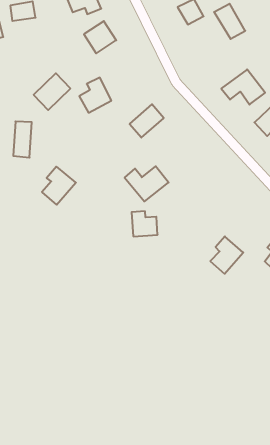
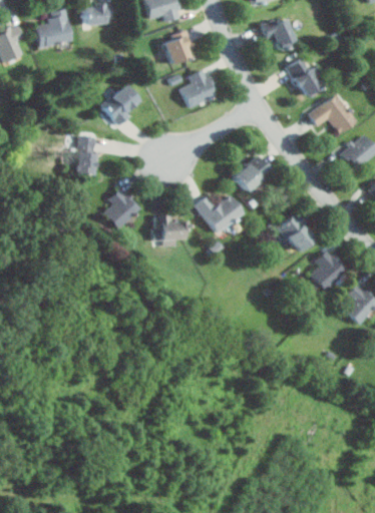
building: [214,4,245,39] -> [287,58,320,97]
building: [79,78,111,113] -> [179,70,215,108]
building: [130,104,164,138] -> [232,155,270,191]
building: none -> [278,211,314,249]
building: [132,211,158,236] -> [154,215,181,242]
building: [210,236,243,274] -> [309,248,346,290]

